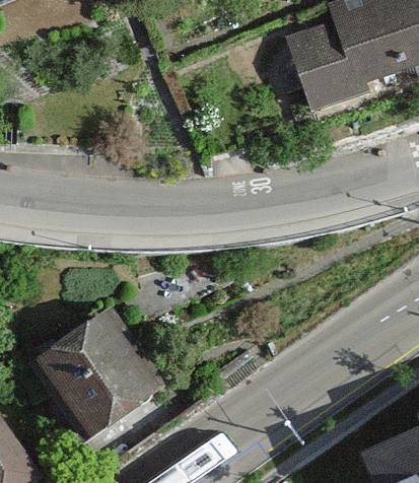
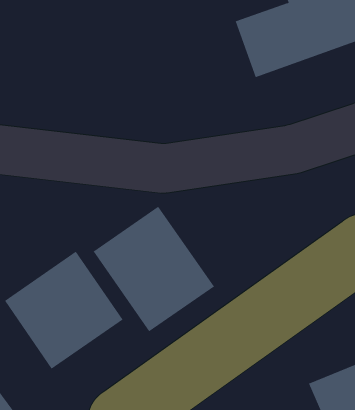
building: none -> [93,206,215,332]

